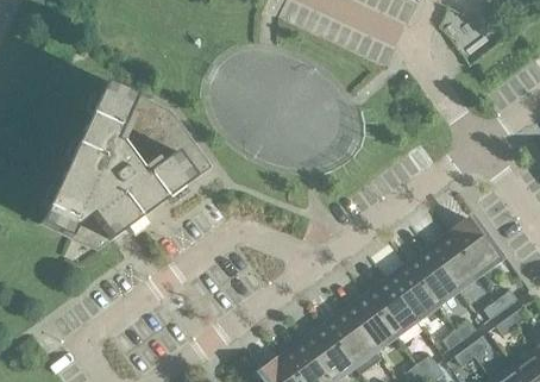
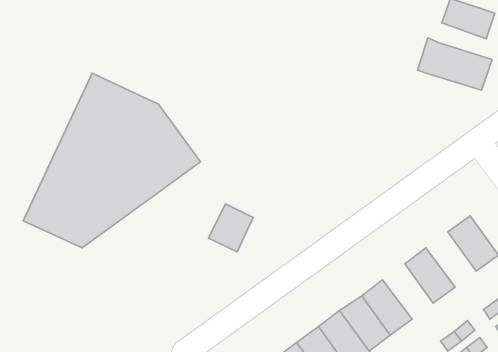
building: none -> [417,38,492,90]
building: none -> [208,204,253,252]
building: [429,233,478,287] -> none
building: [388,264,437,318] -> none

